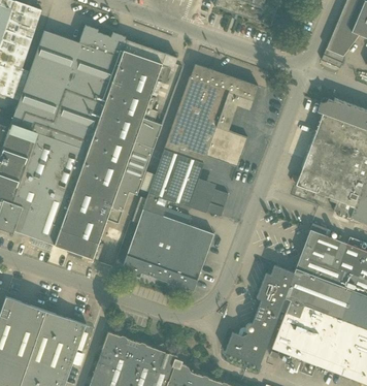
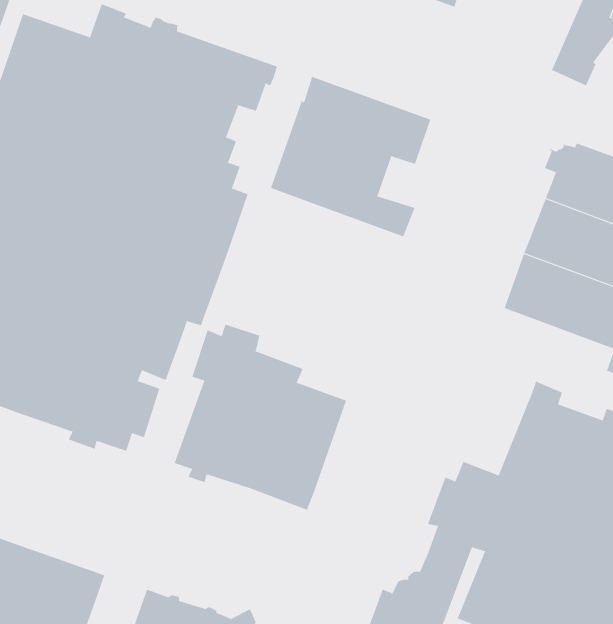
building: [149,122,243,216] -> none

